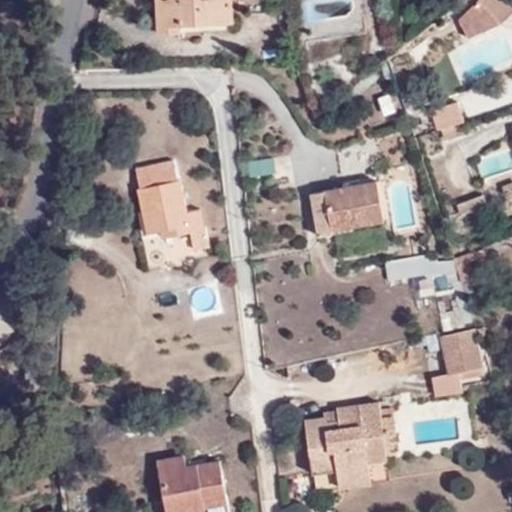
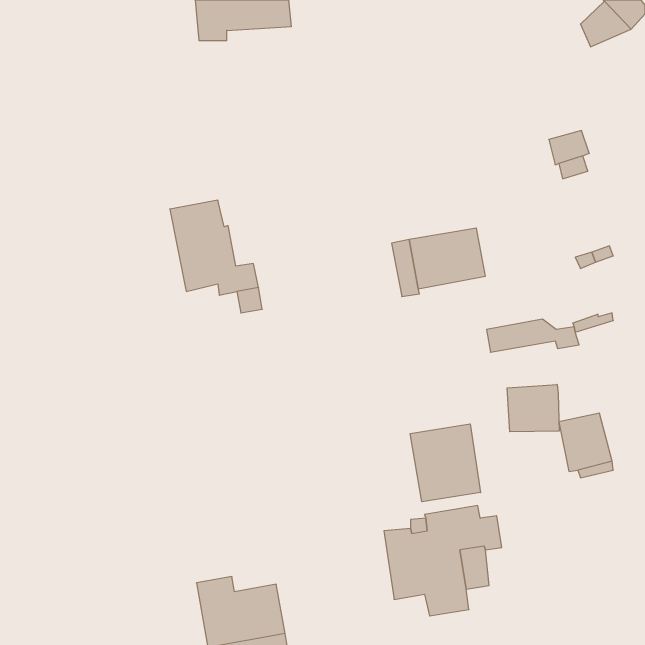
building: none -> [507,384,559,432]
building: none -> [410,424,480,502]

